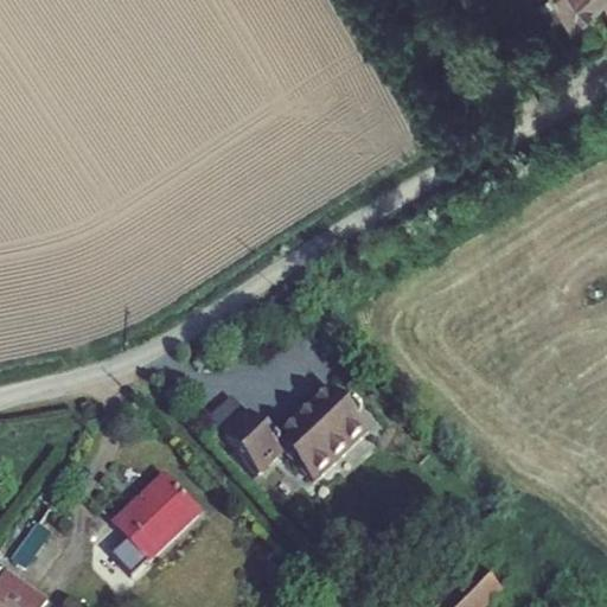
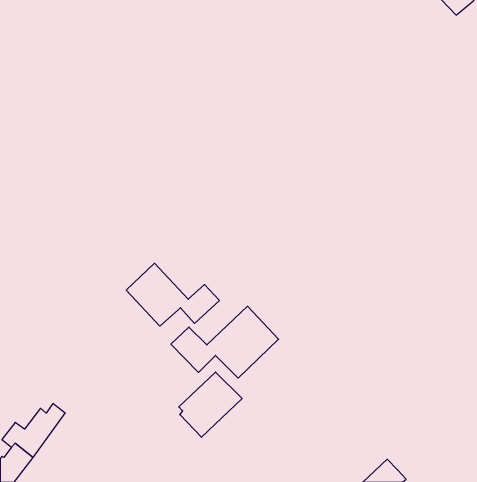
building: none -> [126,263,219,326]
building: [120,478,199,560] -> [179,372,242,437]

